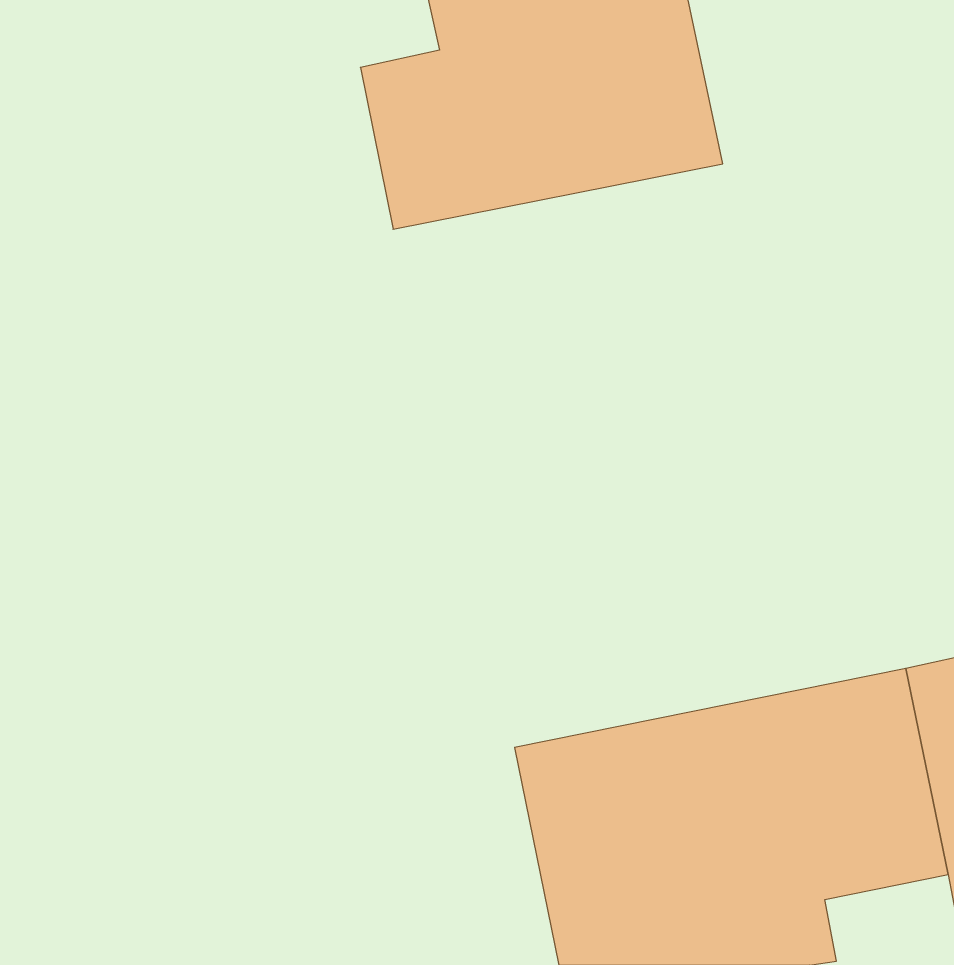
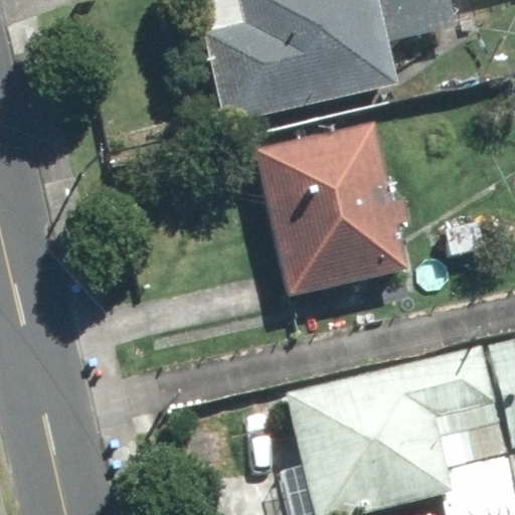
building: none -> [255,126,416,296]

